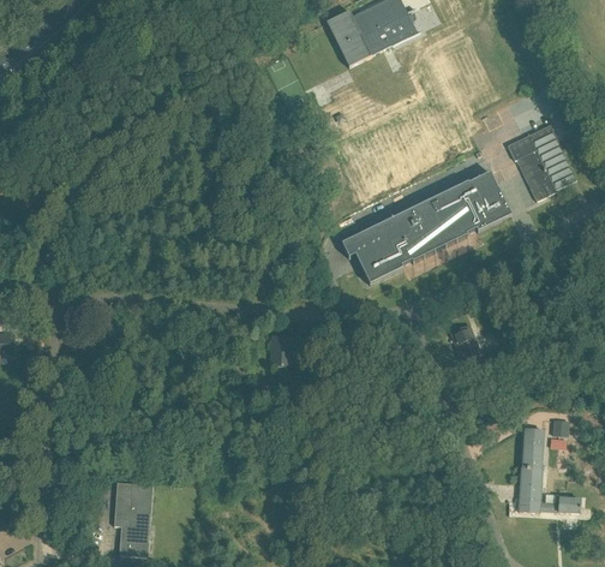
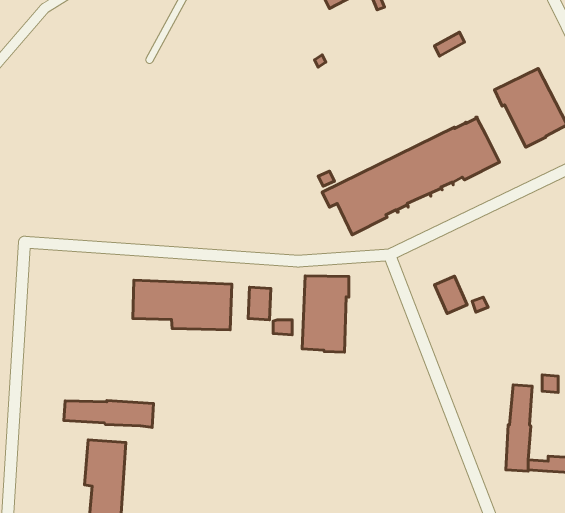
building: none -> [302,276,349,352]
building: none -> [133,280,232,330]
building: none -> [64,401,154,427]

